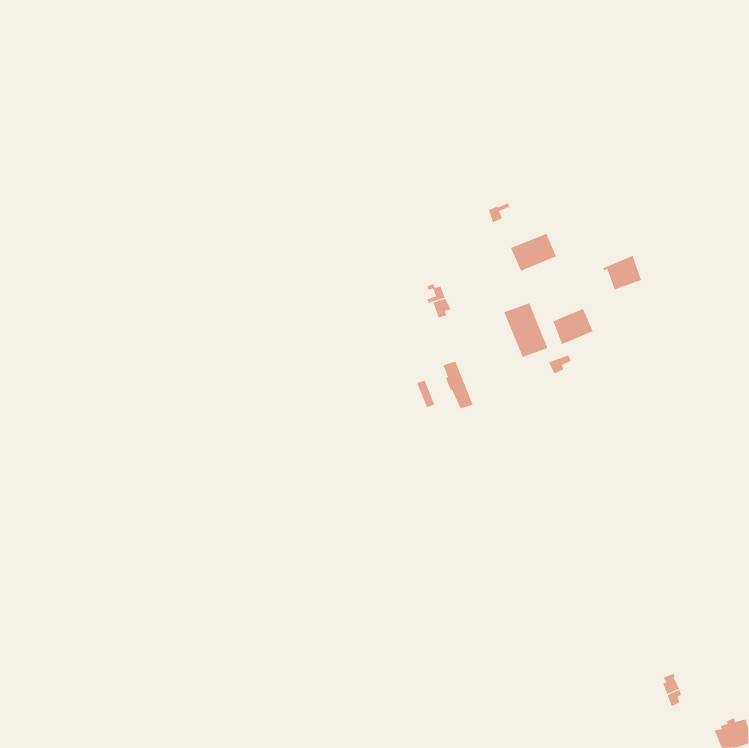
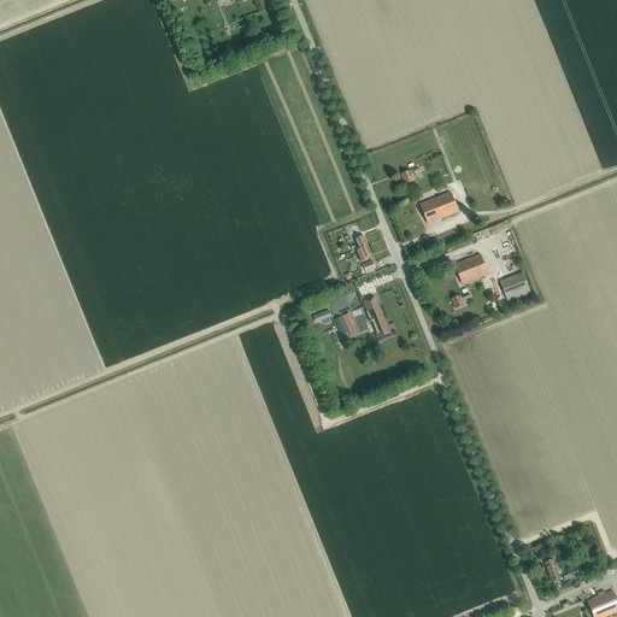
building: [602,255,642,290] -> [498,271,530,300]
building: [504,302,548,358] -> none

